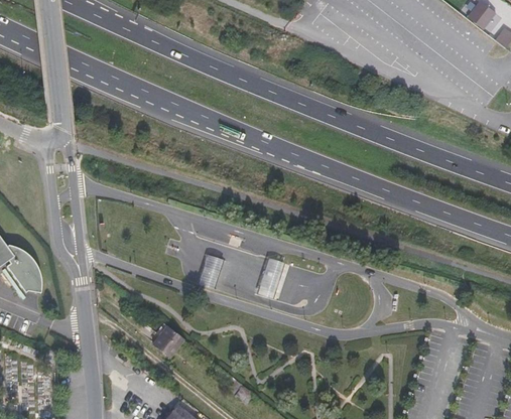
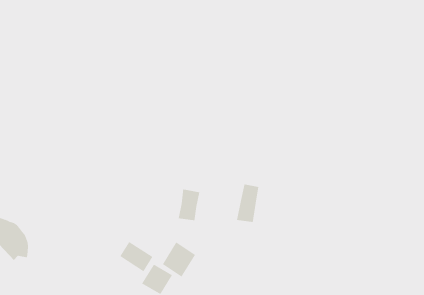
building: none -> [120,241,153,272]
building: none -> [162,242,196,278]

